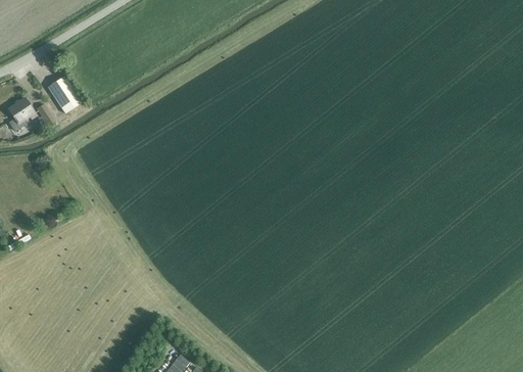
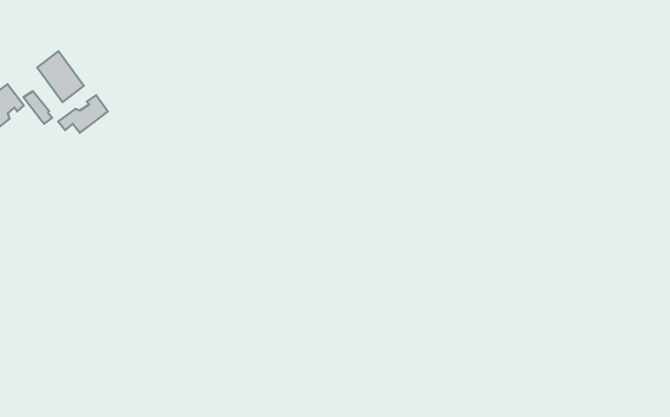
building: none -> [58,95,108,133]

